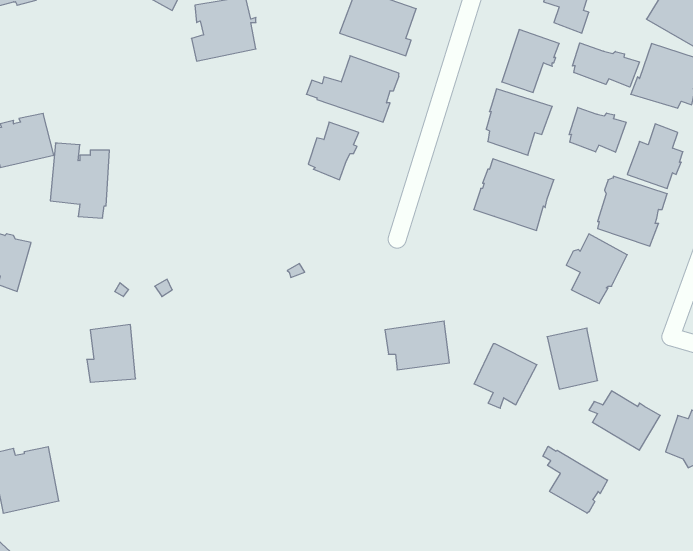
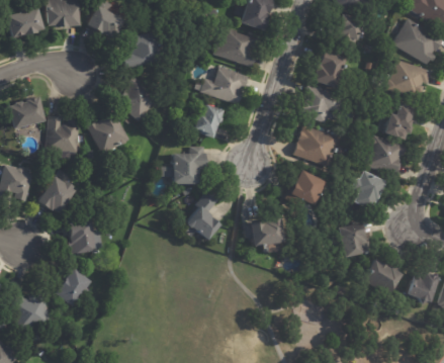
building: [572,43,640,87] -> none
building: none -> [114,75,159,120]
building: [569,107,626,152] -> none
building: none -> [88,110,130,153]
building: none -> [161,145,207,184]
building: none -> [39,176,77,214]
building: none -> [188,187,221,240]
building: [474,344,537,408] -> [284,169,321,206]
building: none -> [56,268,92,305]
building: [543,446,608,513] -> none

